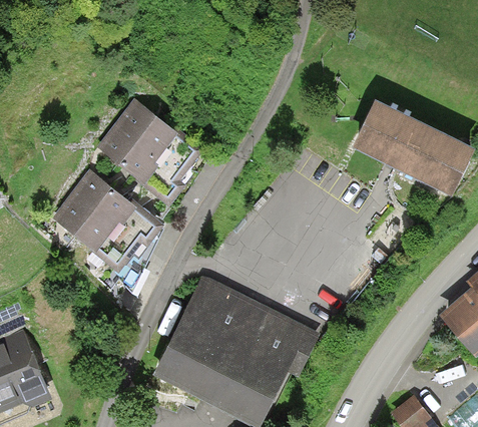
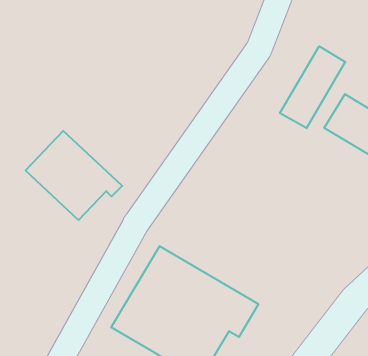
building: none -> [280,46,345,128]
building: [100,101,195,197] -> none

